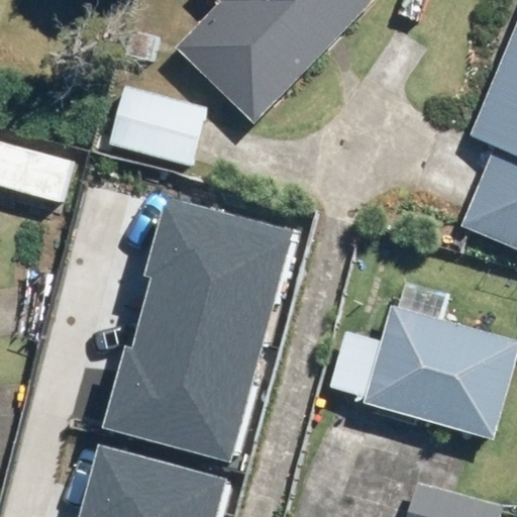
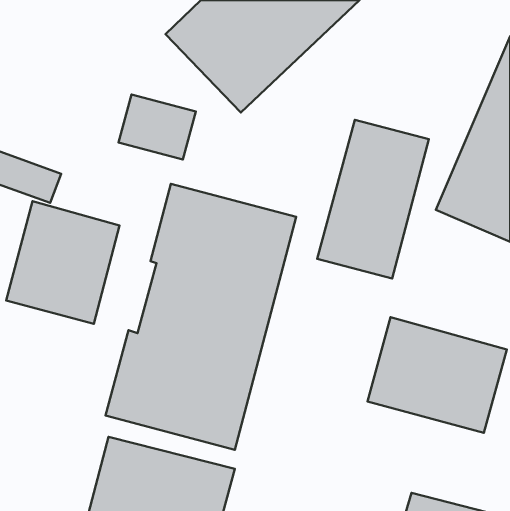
building: none -> [317,120,429,279]
building: none -> [6,201,120,324]

